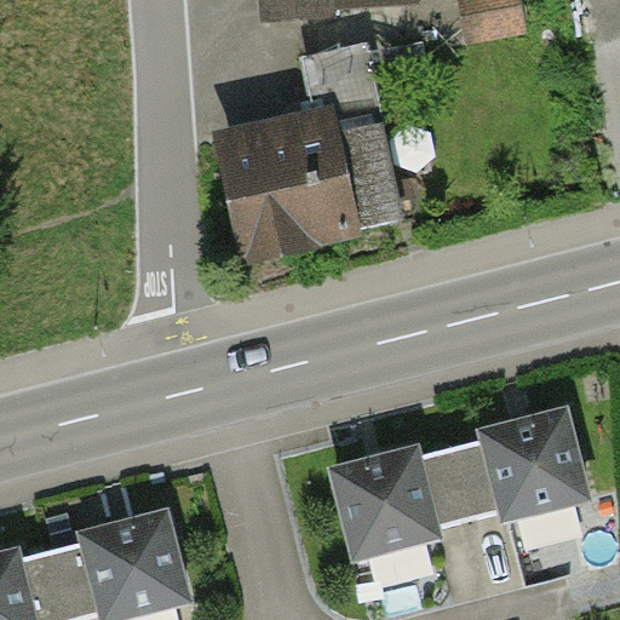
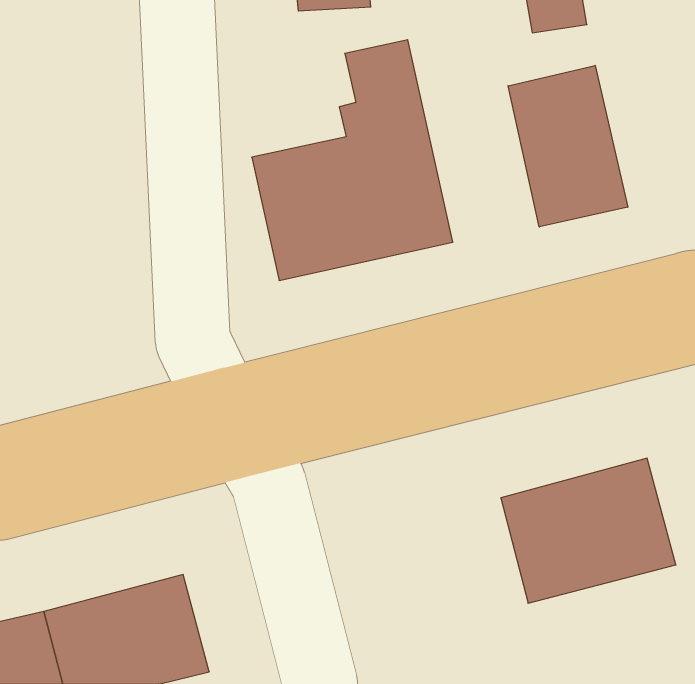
building: none -> [508,65,628,227]
building: [312,441,467,568] -> none

